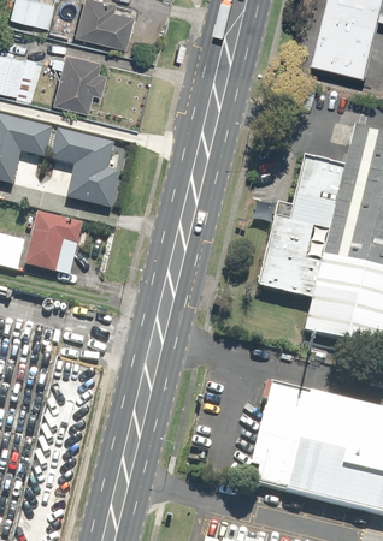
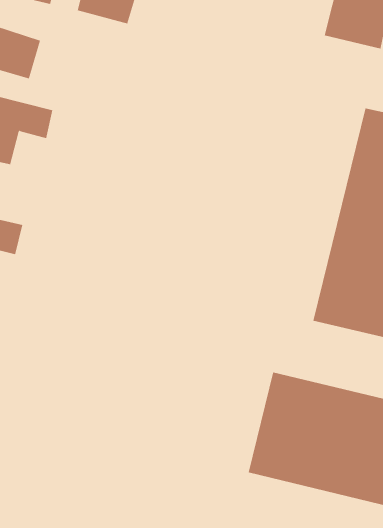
building: [52,50,107,111] -> none
building: [54,130,124,206] -> none
building: [258,157,344,301] -> none
building: [26,213,83,275] -> none

